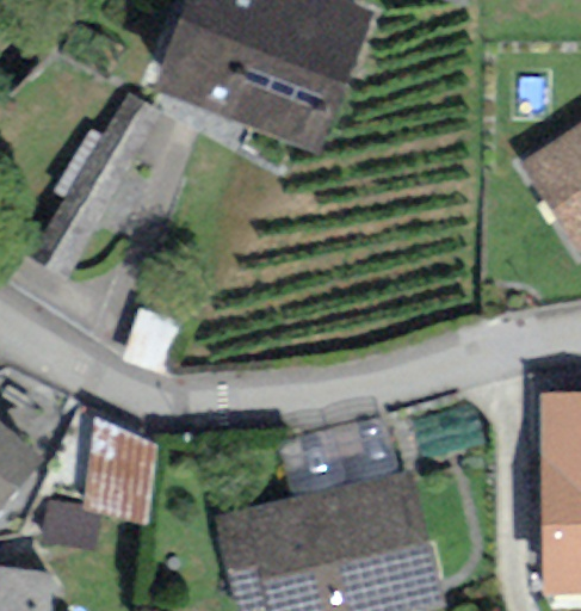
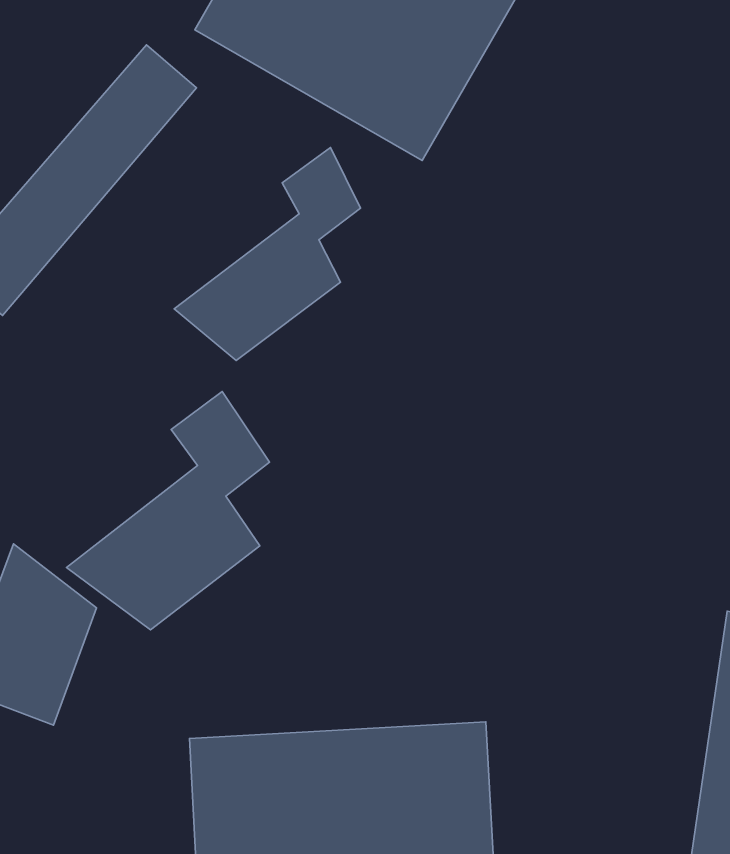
building: none -> [174,148,360,361]
building: none -> [67,392,269,630]

